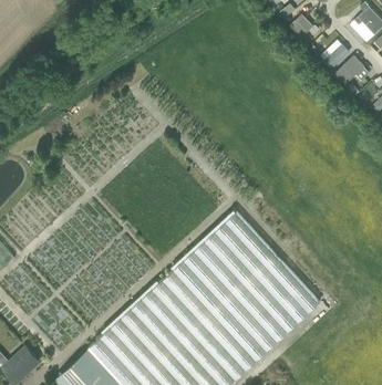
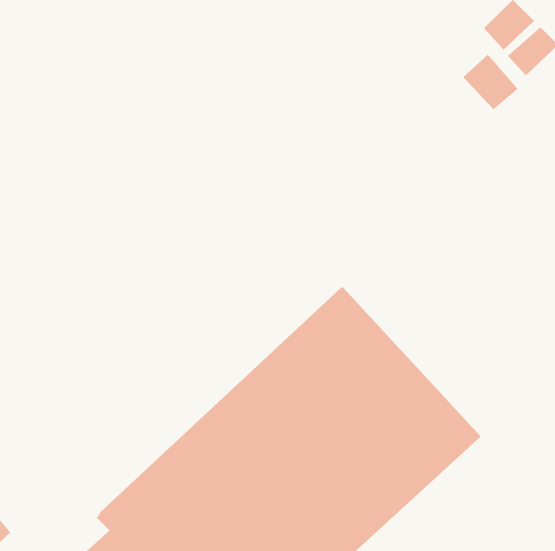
building: none -> [462,54,518,110]

